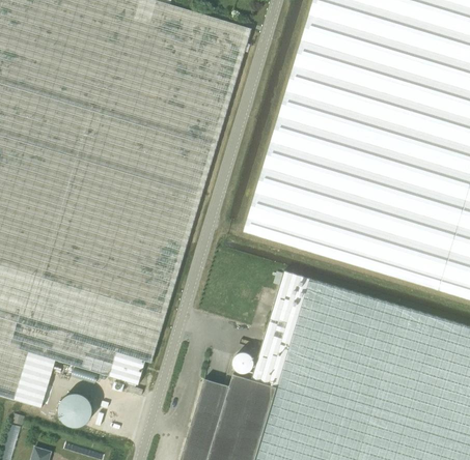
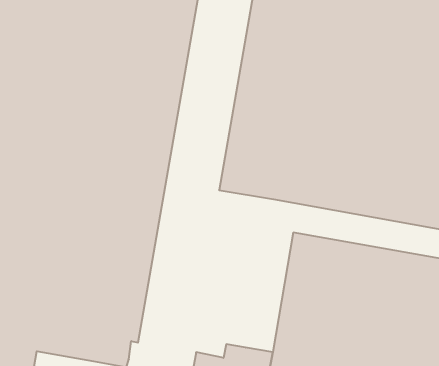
building: [250,270,307,386] -> none

